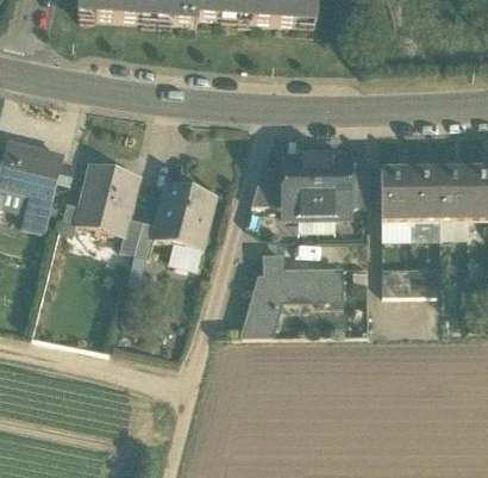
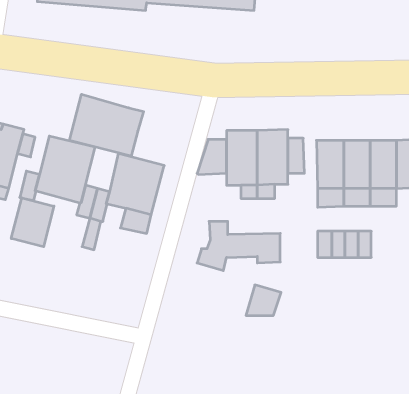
building: none -> [69,94,144,156]
building: none -> [11,198,54,247]
building: [242,298,280,331] -> [246,285,281,315]

